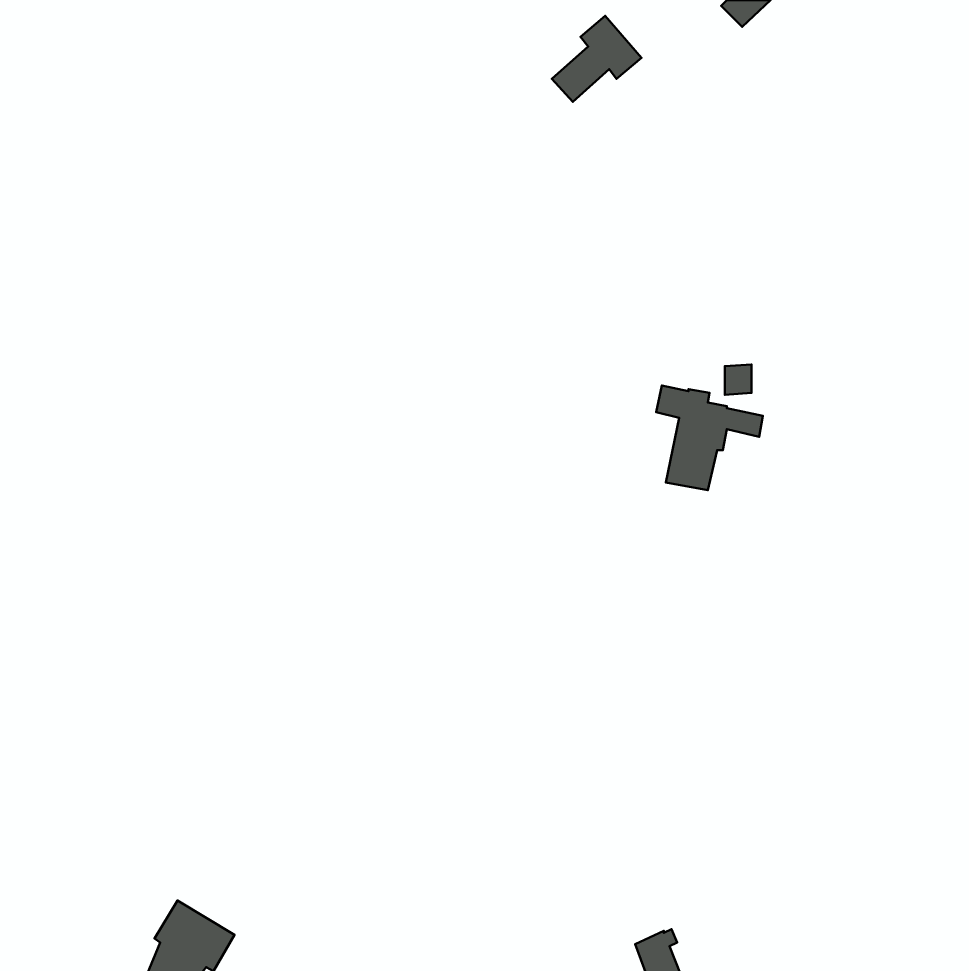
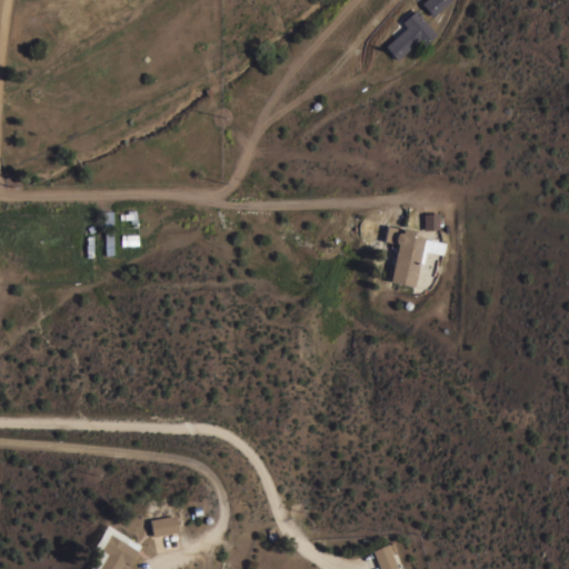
building: [552,16,641,102] -> [387,11,439,61]
building: none -> [149,507,179,538]

